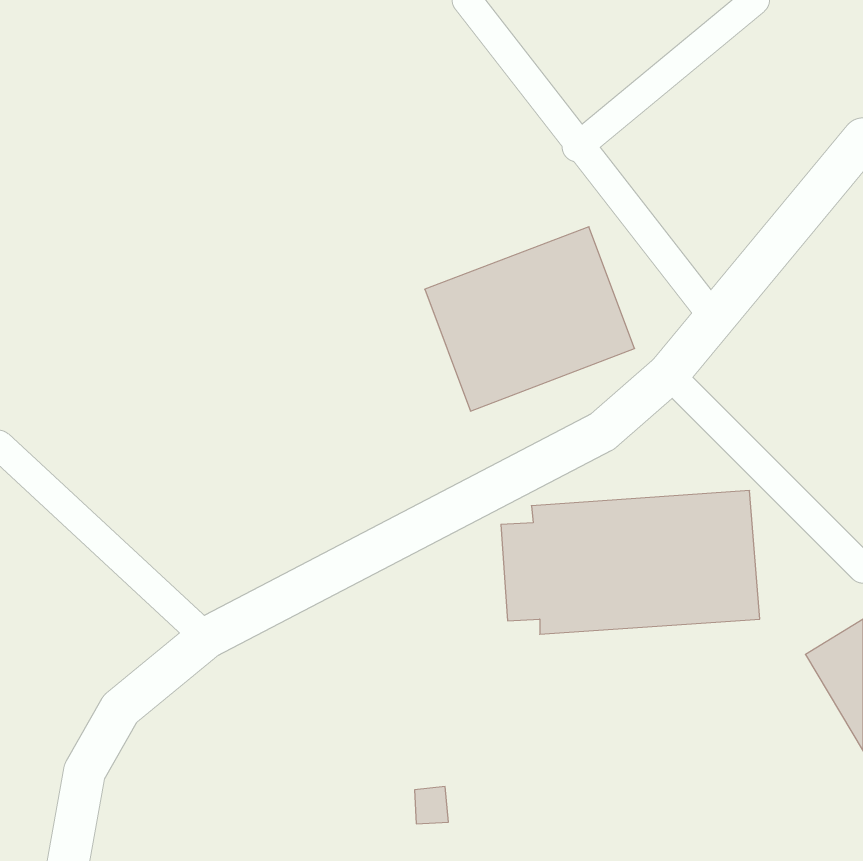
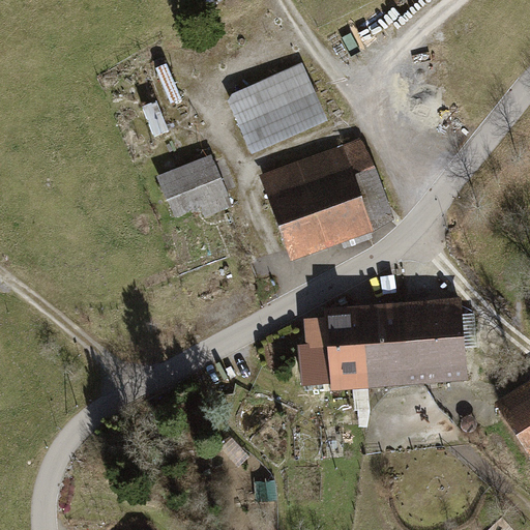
building: none -> [228,67,324,147]
building: none -> [160,153,232,214]

